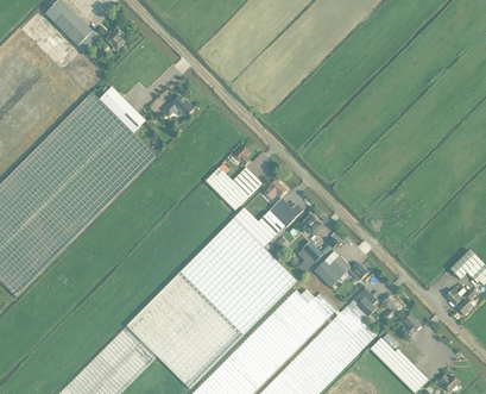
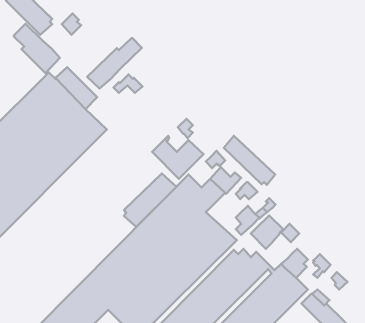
building: none -> [14,24,60,73]
building: none -> [87,38,142,89]
building: none -> [224,136,275,185]
building: none -> [124,173,176,227]

